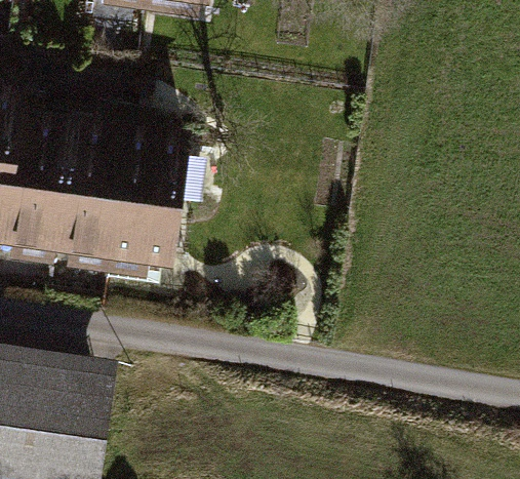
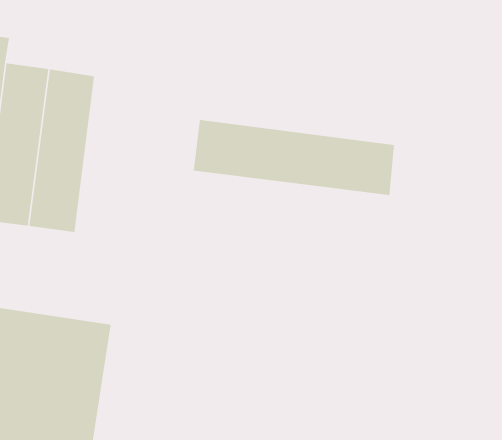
building: [81,117,157,280] -> none
building: none -> [193,119,395,196]

